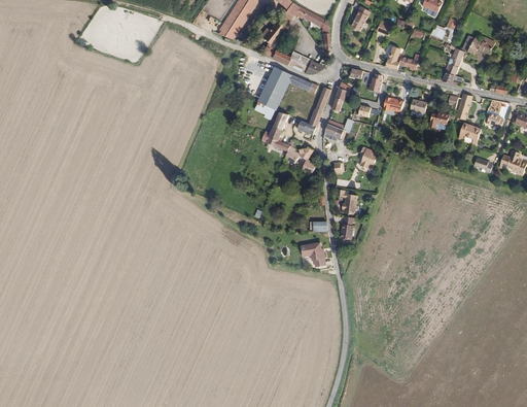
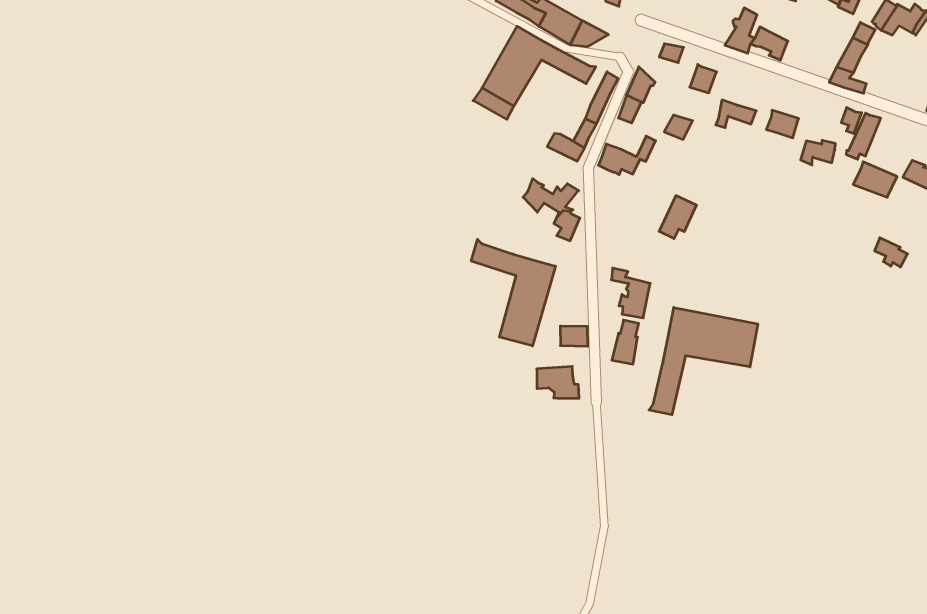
building: [262,110,290,152] -> none
building: none -> [471,239,555,346]
building: none -> [649,307,758,415]

